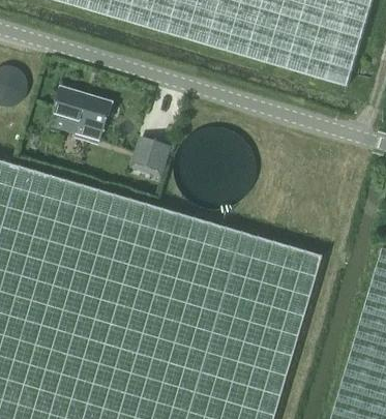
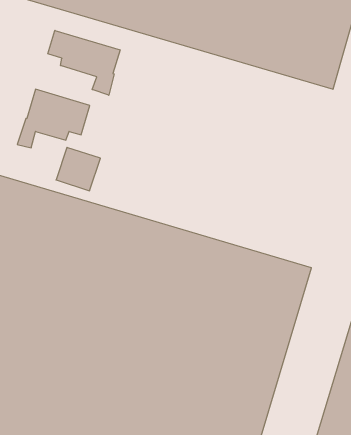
building: none -> [48,30,120,95]
building: [128,136,171,177] -> [56,147,100,191]

